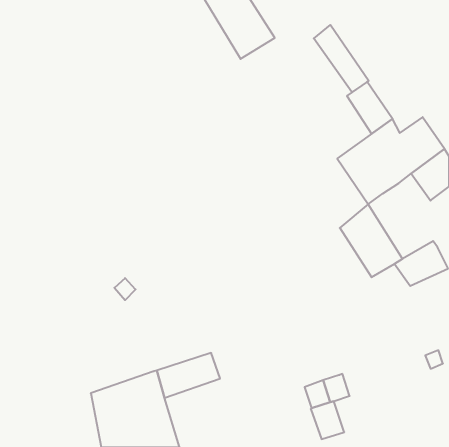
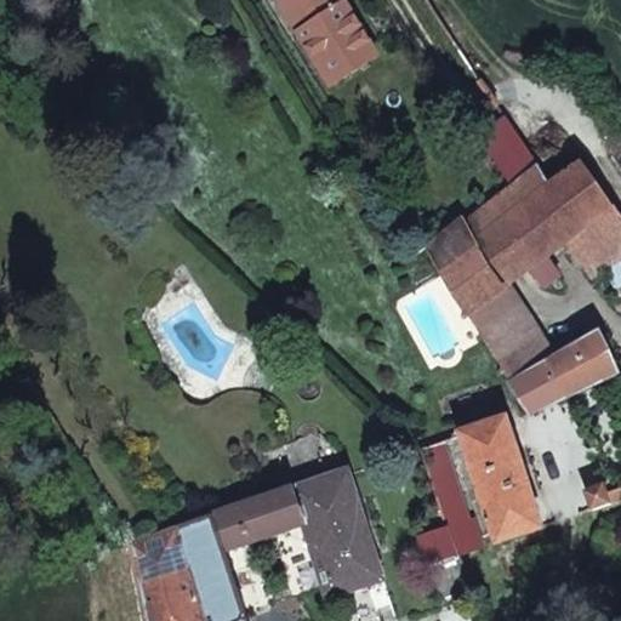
building: [314,25,369,92] -> none
building: none -> [427,217,507,314]
building: none -> [512,364,565,410]
building: none -> [460,416,542,541]
building: none -> [420,438,468,524]
building: none -> [291,468,383,596]

